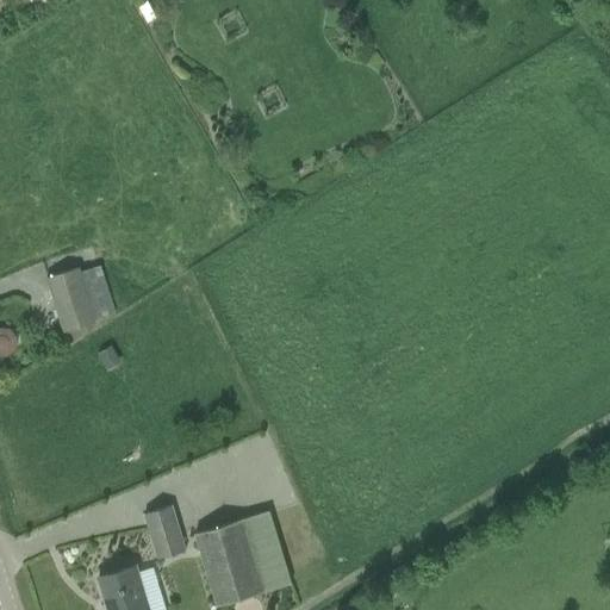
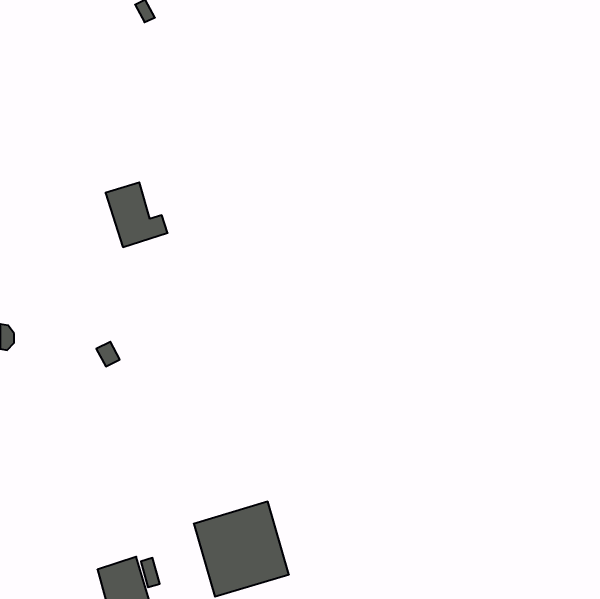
building: [46,268,110,334] -> [105,182,168,247]
building: [143,509,185,561] -> none

